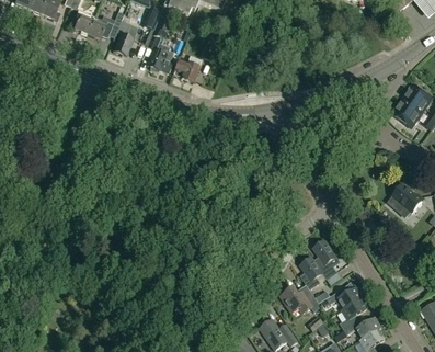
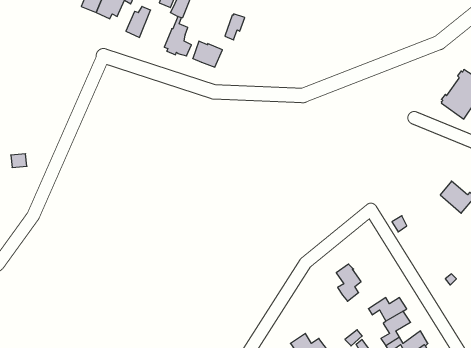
building: [312,239,336,279] -> none
building: [281,284,320,313] -> none

